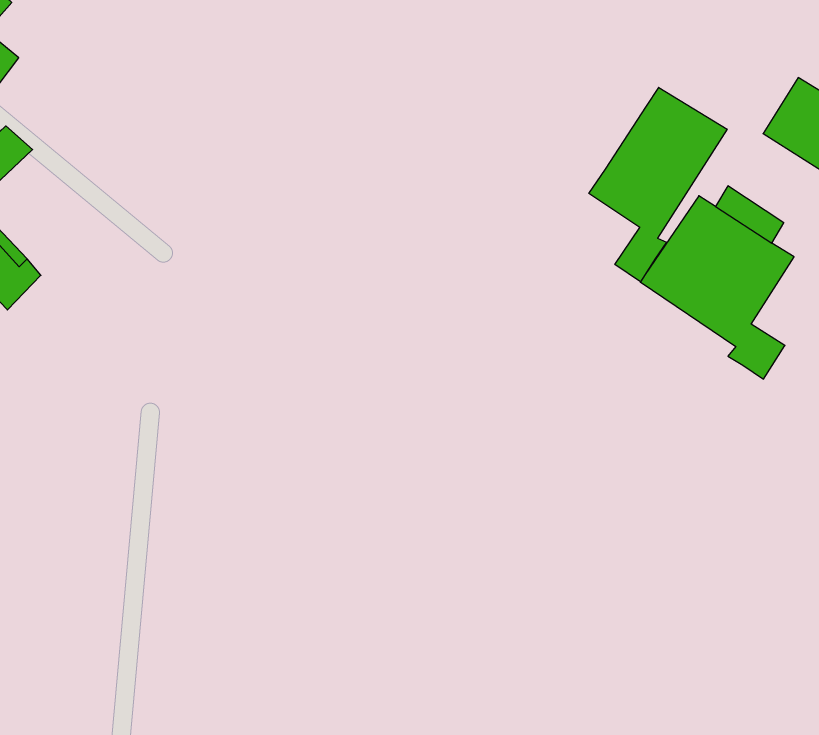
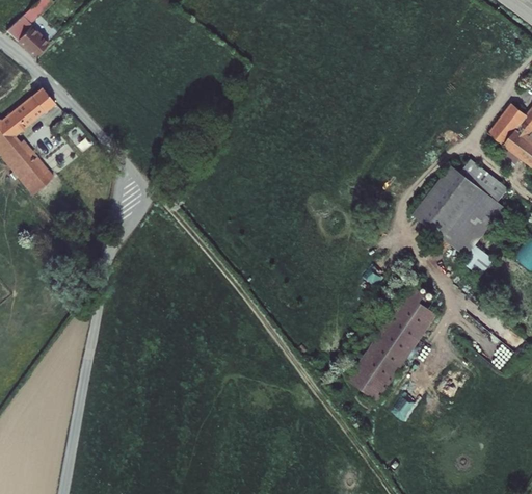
building: [589,87,727,282] -> none
building: none -> [347,284,435,399]

